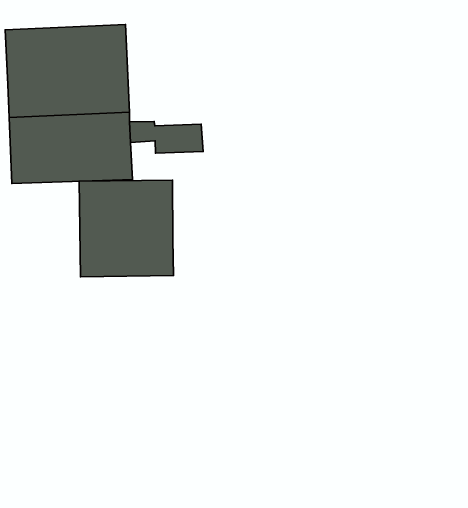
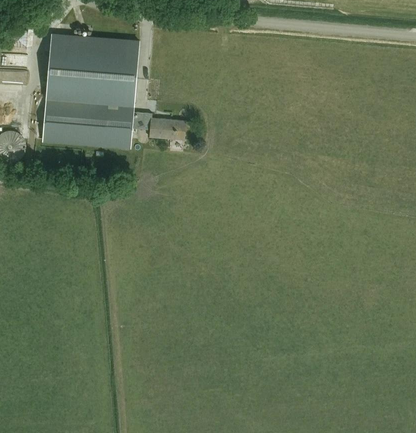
building: [79,180,174,277] -> none

